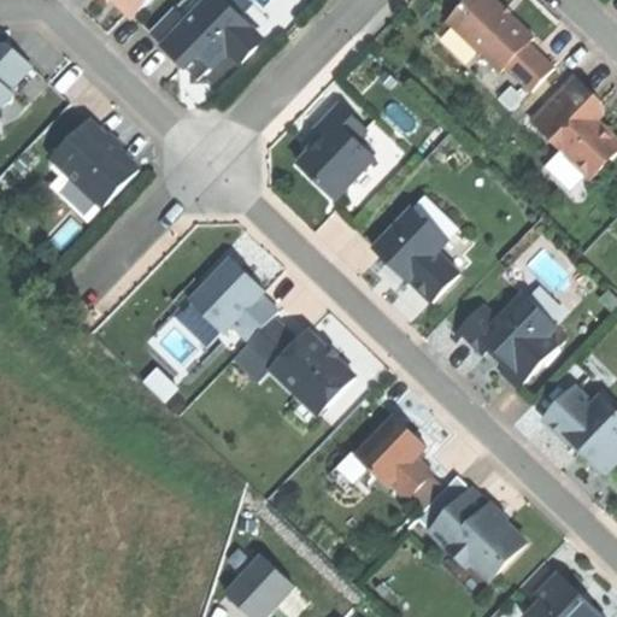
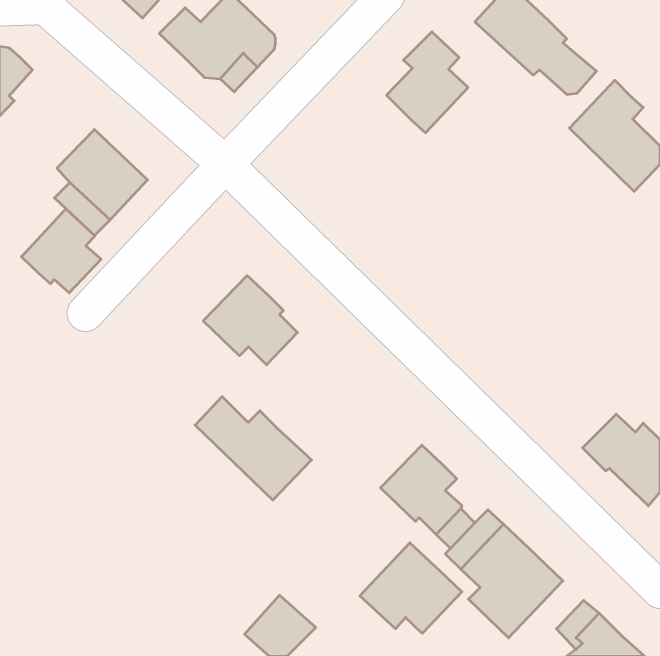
building: [298,104,374,198] -> [387,32,468,133]
building: [372,194,458,300] -> none
building: none -> [21,209,101,293]
building: [457,292,557,387] -> none
building: [248,316,357,412] -> [195,397,312,500]
building: none -> [360,543,462,633]

